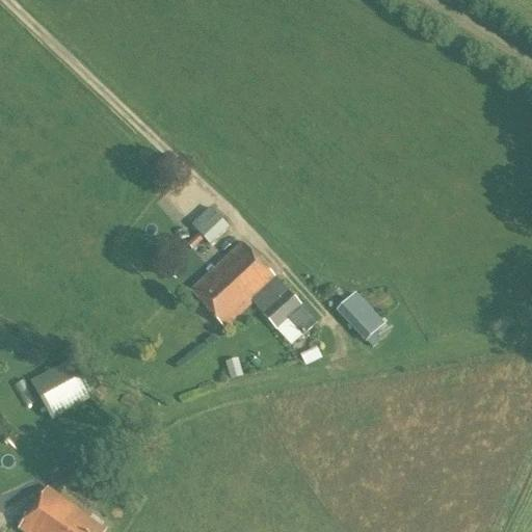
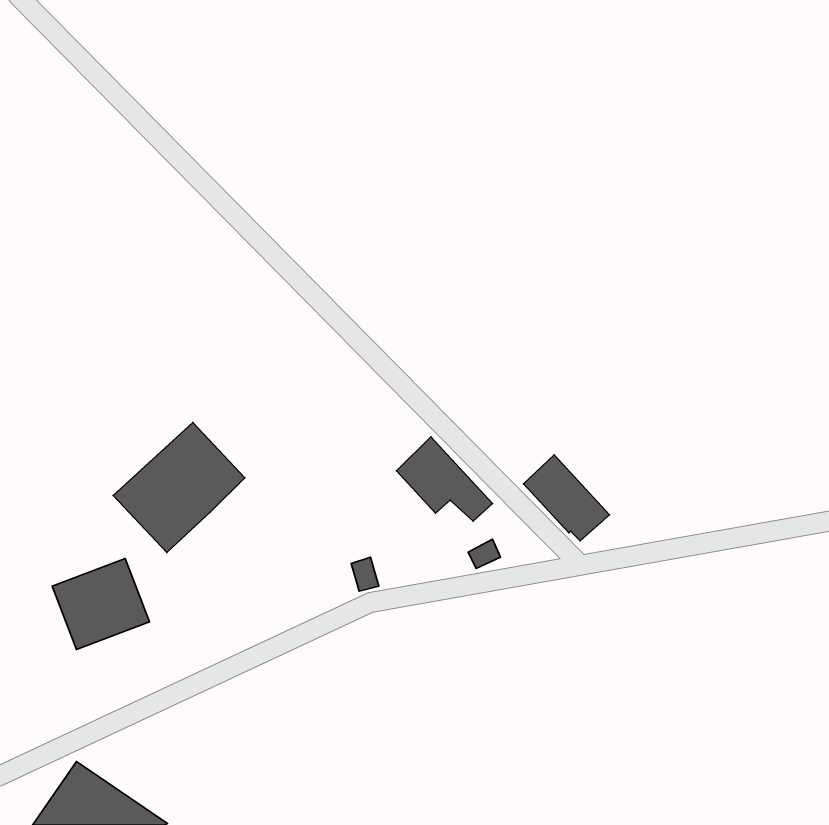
building: [192,207,228,242] -> none
building: [191,244,275,327] -> [113,423,245,552]

